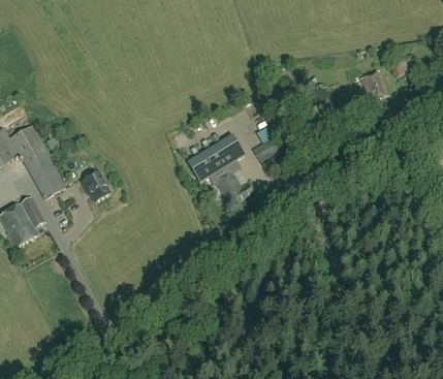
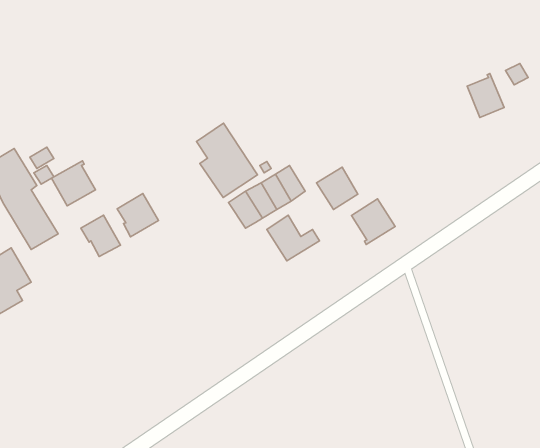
building: none -> [197,123,257,198]
building: none -> [51,161,95,206]
building: none -> [117,193,158,237]
building: none -> [352,199,395,244]

